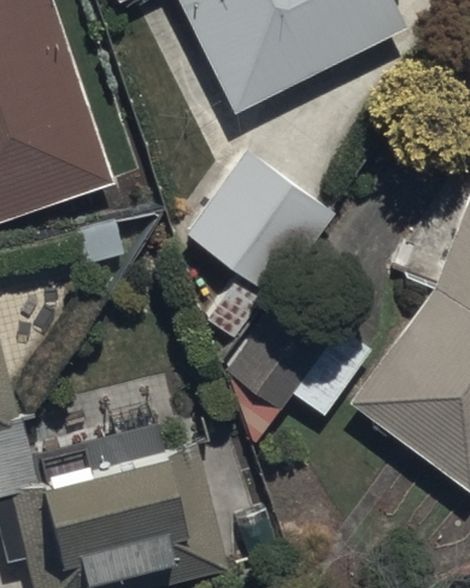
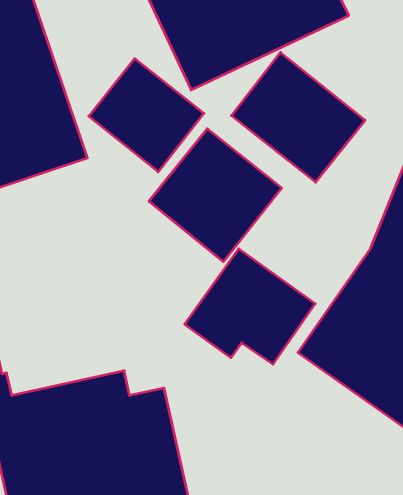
building: none -> [231,52,365,182]
building: none -> [89,59,204,172]

